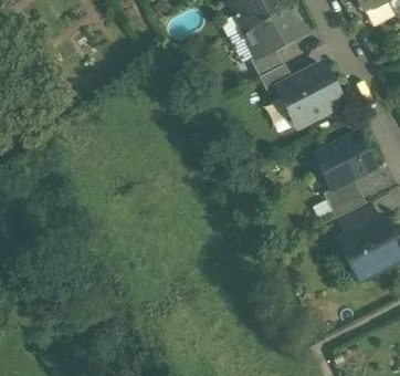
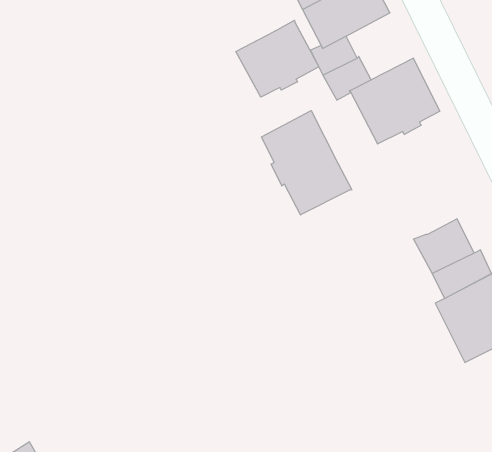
building: none -> [236,20,319,97]
building: none -> [261,111,352,215]
building: [317,132,373,189] -> none

